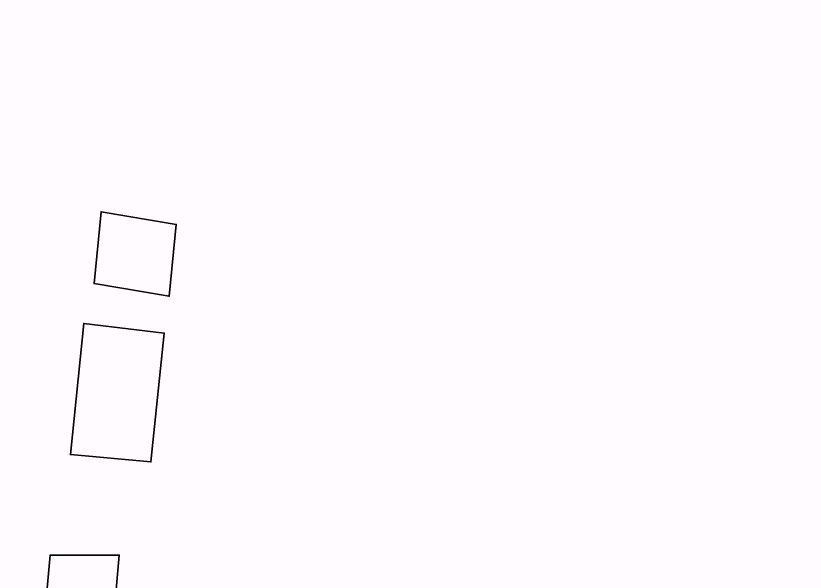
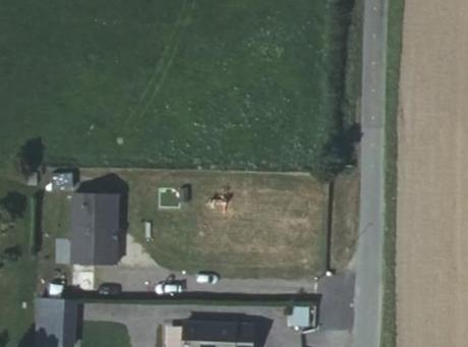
building: [94,212,176,296] -> none

